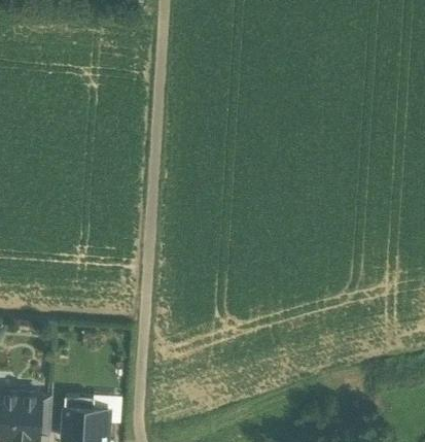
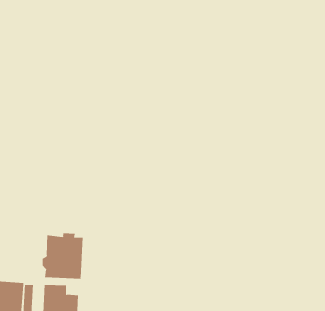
building: none -> [42,233,83,280]

